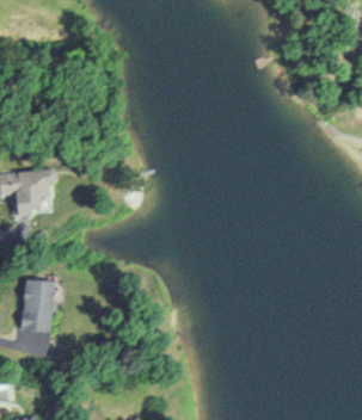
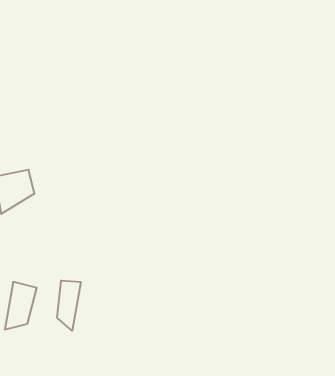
building: none -> [57,280,81,331]

